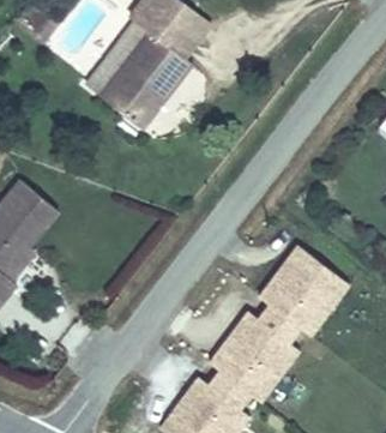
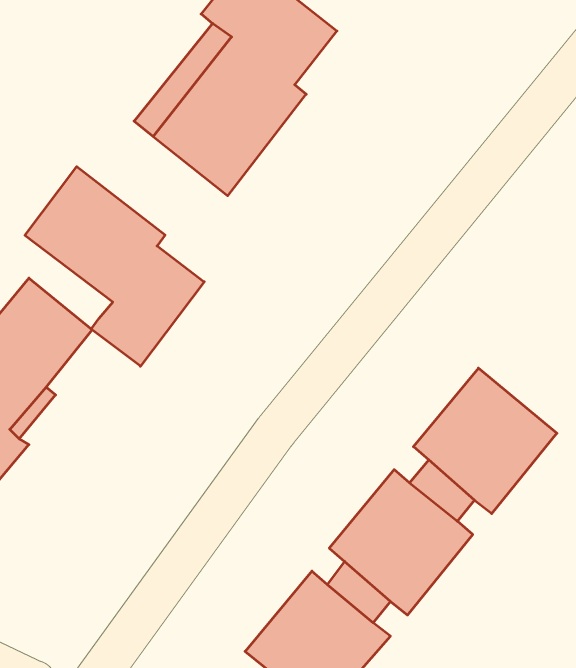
building: none -> [25,167,204,366]

